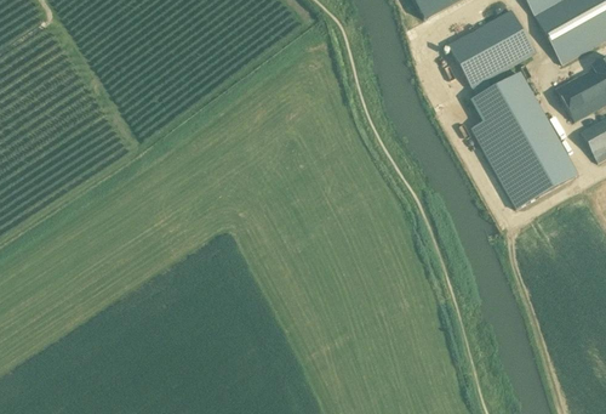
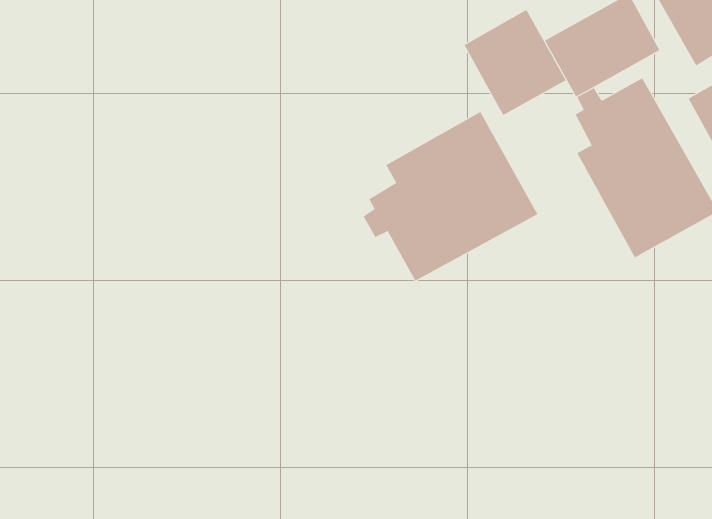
building: none -> [464,10,566,116]
building: none -> [363,111,538,282]

